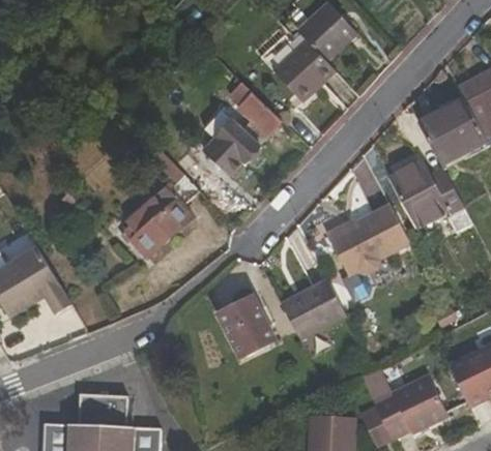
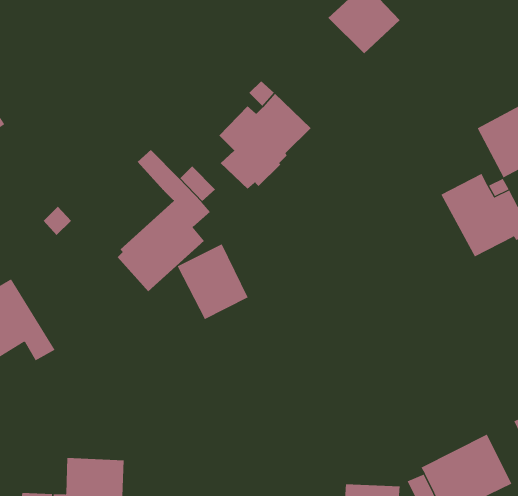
building: [260,31,335,101] -> none
building: [326,203,410,274] -> none
building: [281,279,346,340] -> none
building: [218,296,277,359] -> [177,244,248,320]

